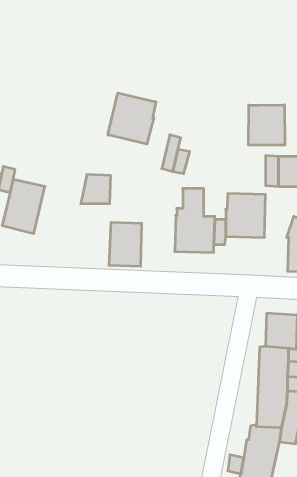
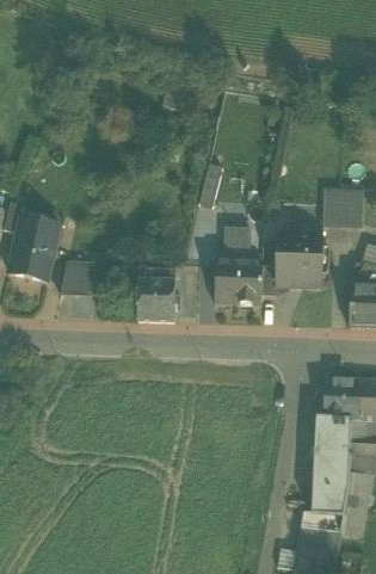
building: [108,93,156,144] -> none
building: [248,105,285,145] -> none
building: [81,175,111,204] -> [60,260,95,295]

